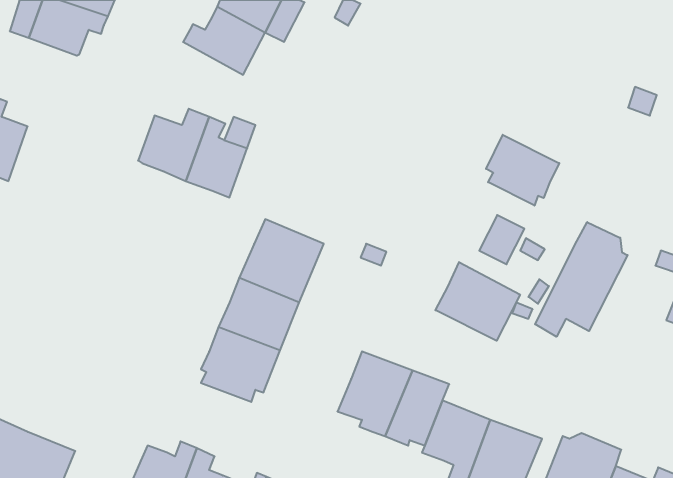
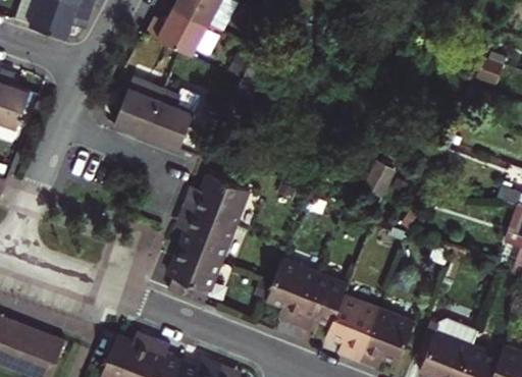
building: [486,135,559,206] -> none
building: [535,222,628,337] -> none
building: [435,262,520,341] -> none

